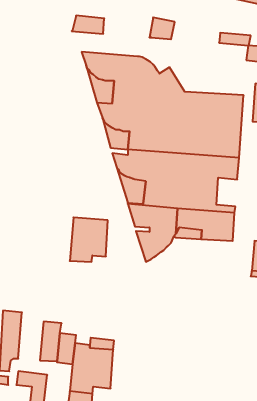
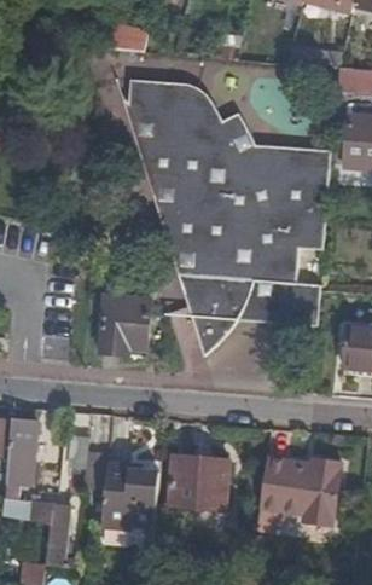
building: none -> [167,457,228,508]
building: none -> [255,457,341,532]

